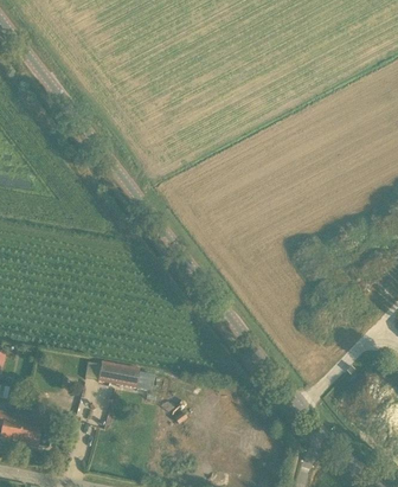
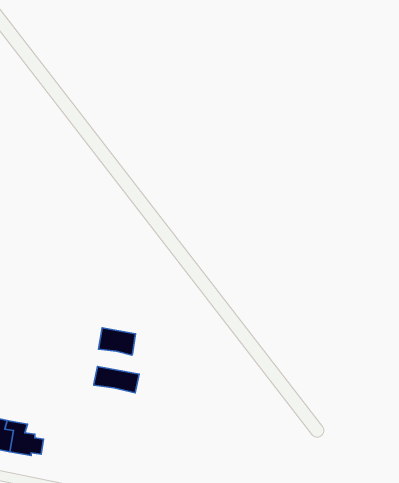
building: none -> [98,328,136,355]

